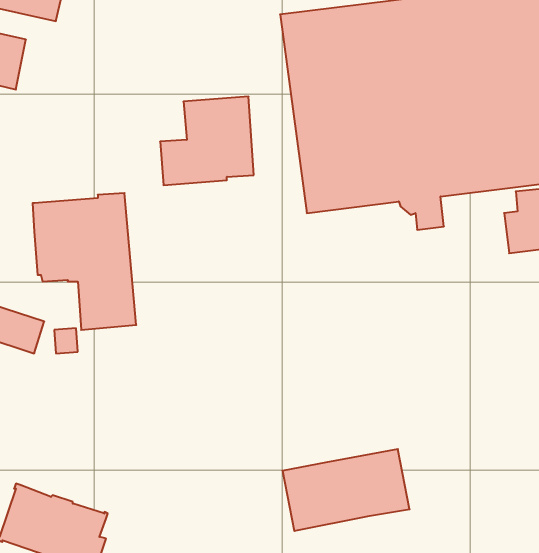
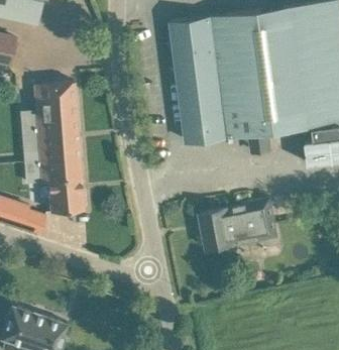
building: [160,97,254,185] -> [20,83,77,136]
building: [282,449,410,531] -> [200,201,276,250]

